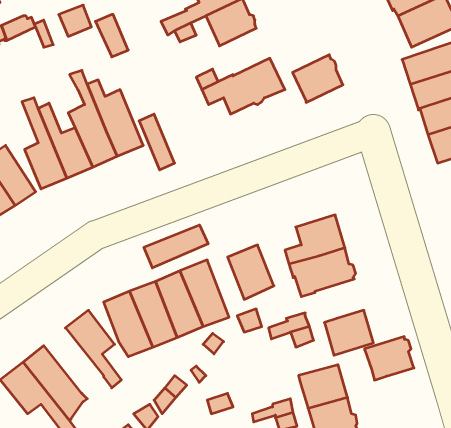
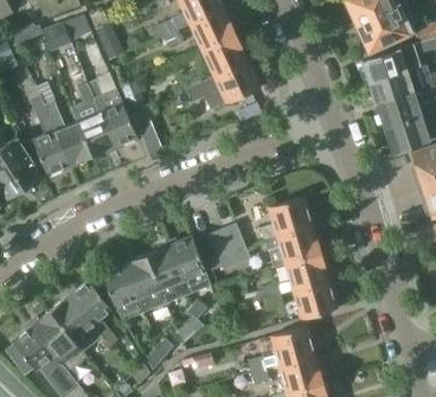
building: [293,55,343,102] -> [203,34,246,76]
building: [144,225,208,268] -> none
building: none -> [50,295,102,352]
building: [365,337,414,380] -> [286,252,328,290]

